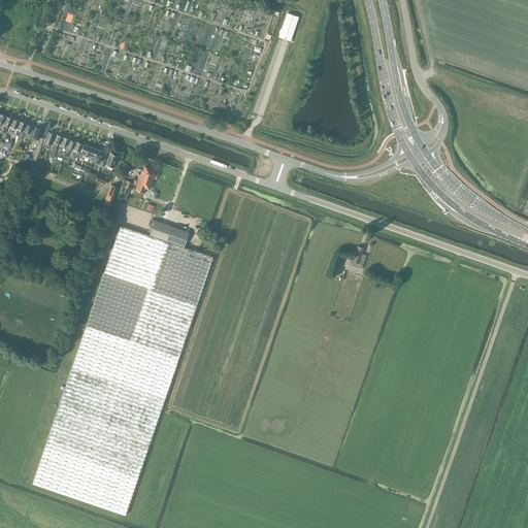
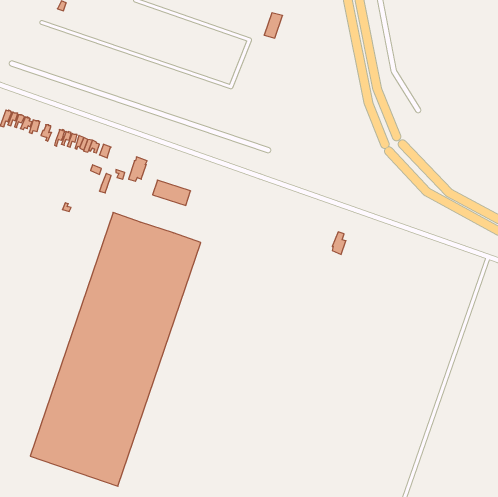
building: [148,221,189,248] -> [153,180,191,205]

